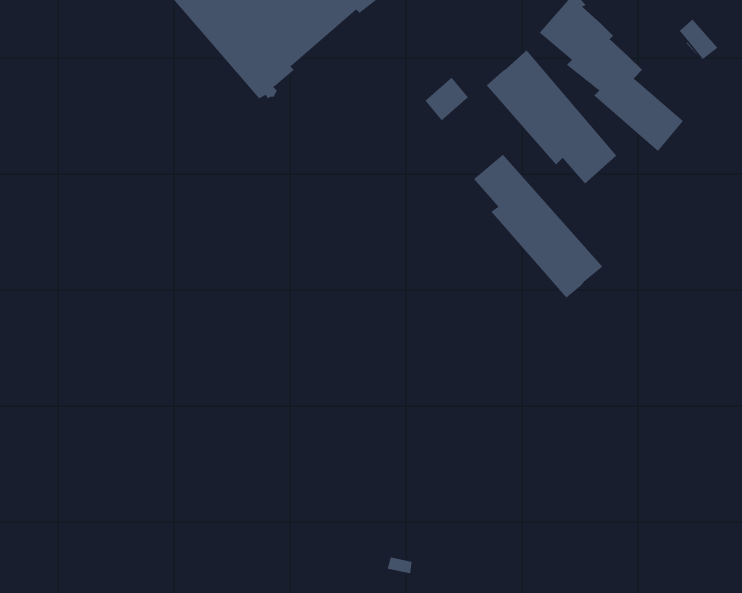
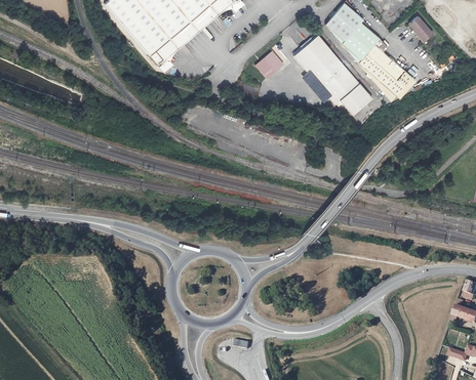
building: [473,154,603,299] -> none

